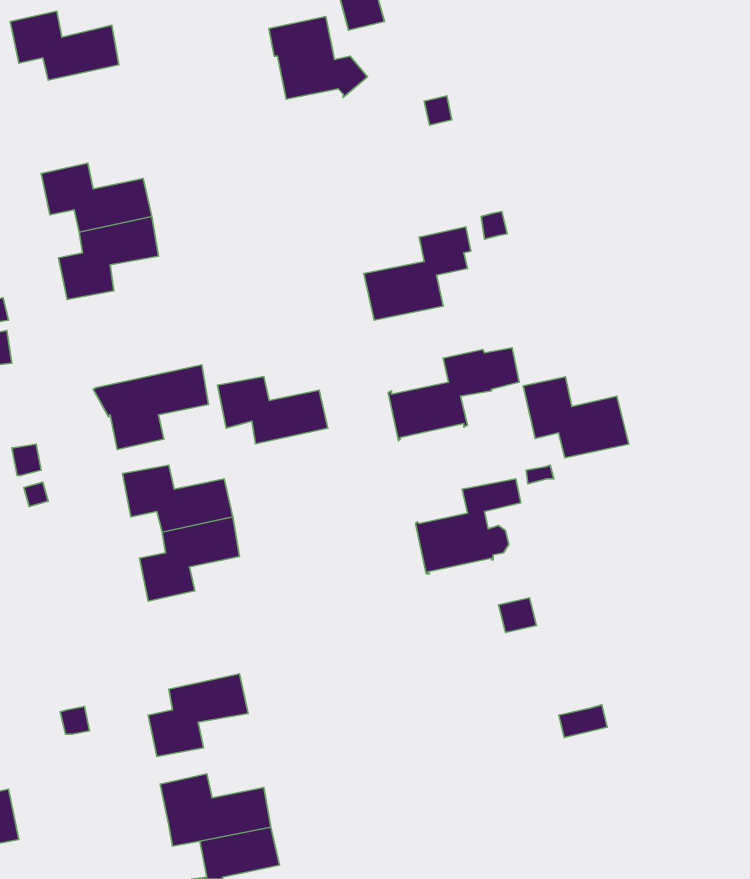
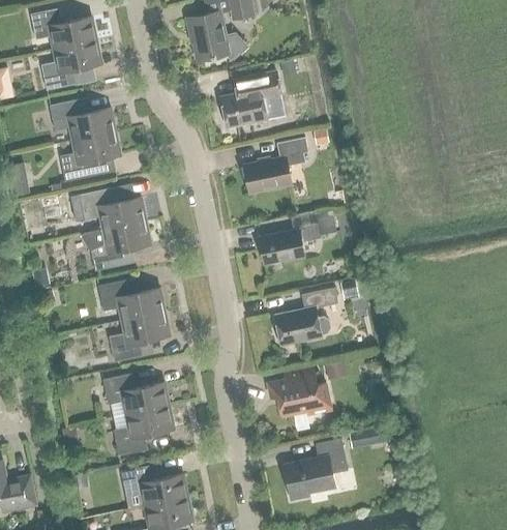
building: none -> [41,40,101,90]
building: none -> [220,71,281,128]
building: [217,376,328,444] -> [80,189,146,230]
building: [523,377,629,458] -> none
building: none -> [267,369,331,417]
building: none -> [103,374,169,415]
building: none -> [285,439,348,500]

